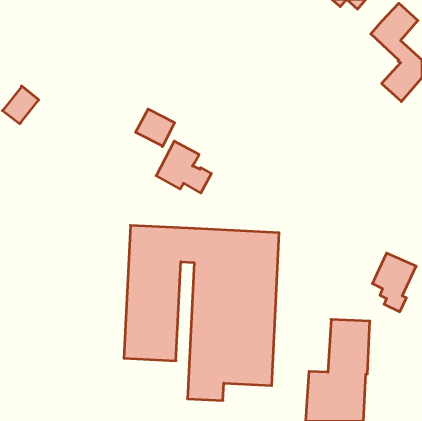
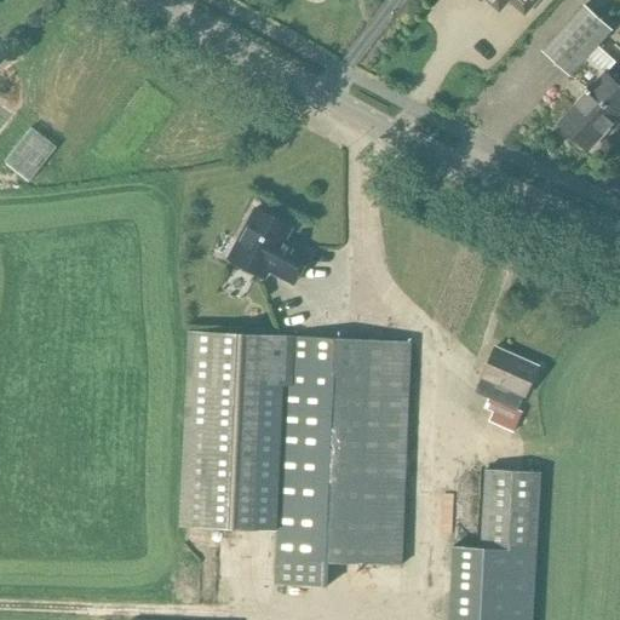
building: [136,109,175,147] -> none
building: [372,253,416,312] -> [475,346,539,432]

